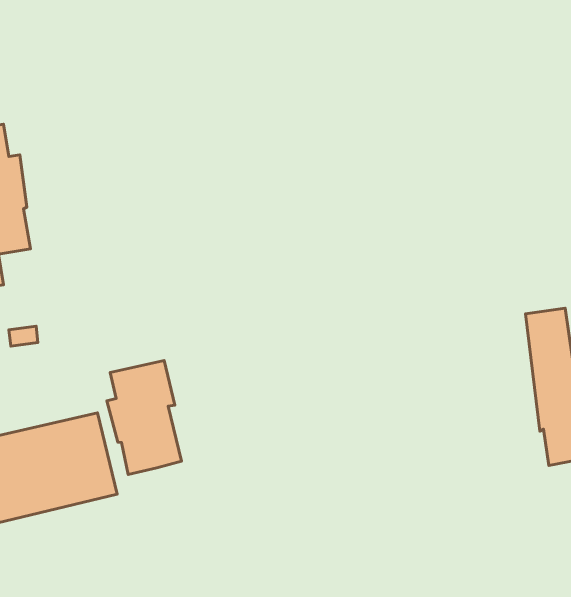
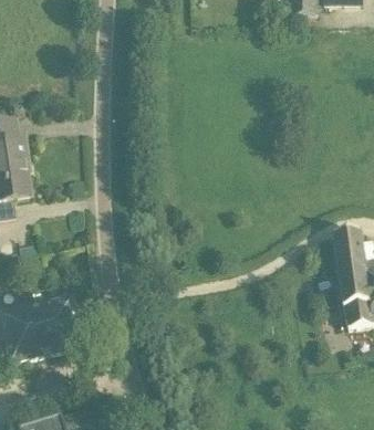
building: [107,360,182,474] -> none

